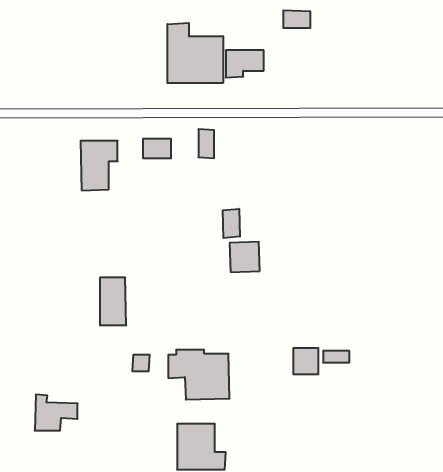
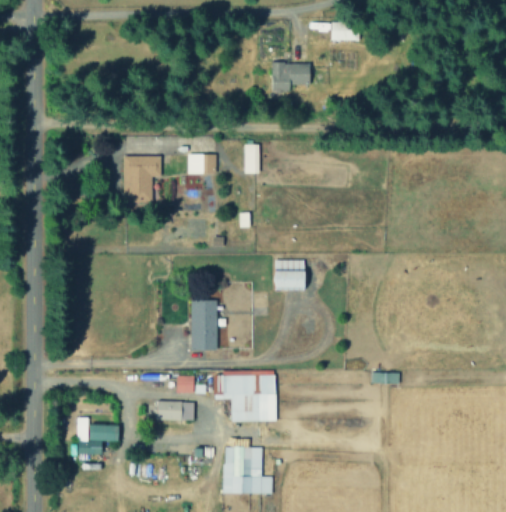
building: [167,23,223,83] -> none
building: [223,209,240,238] -> none
building: [100,278,126,325] -> [191,301,218,350]
building: [293,348,318,374] -> none
building: none -> [157,401,194,421]

